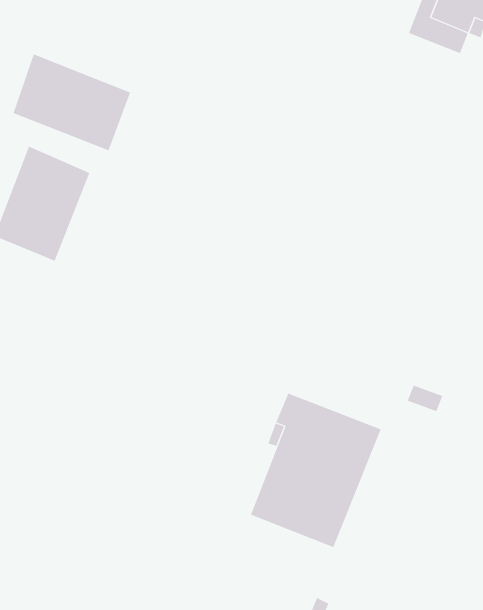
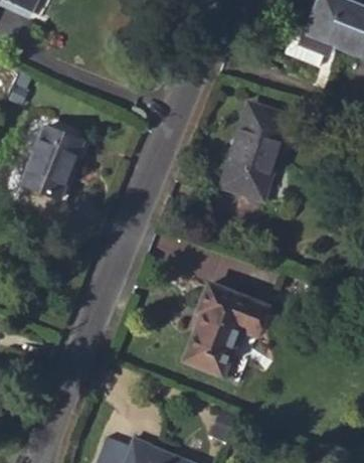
building: [13,53,131,151] -> none
building: none -> [222,105,288,198]

